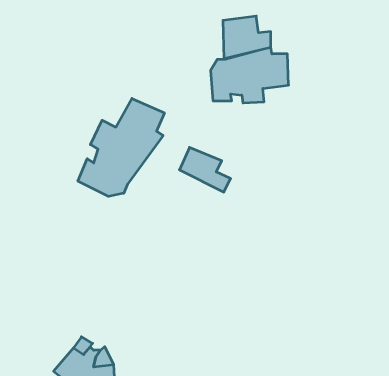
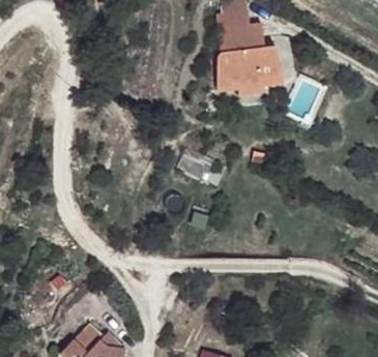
building: [78,98,164,196] -> none

